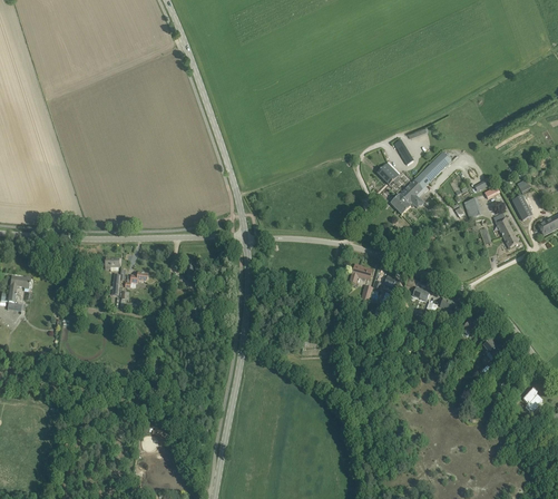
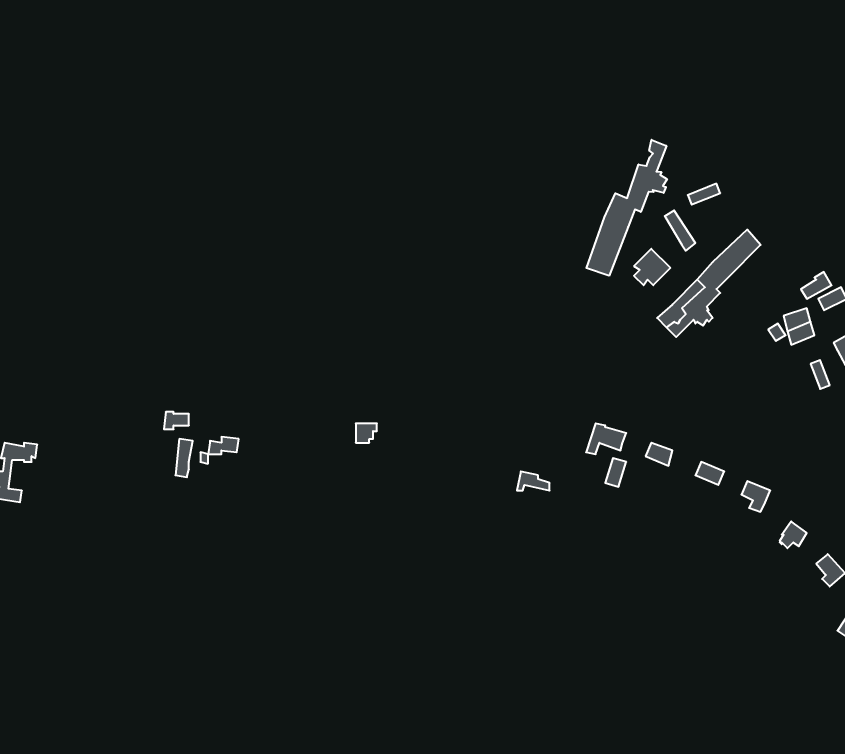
building: none -> [586,140,667,276]

